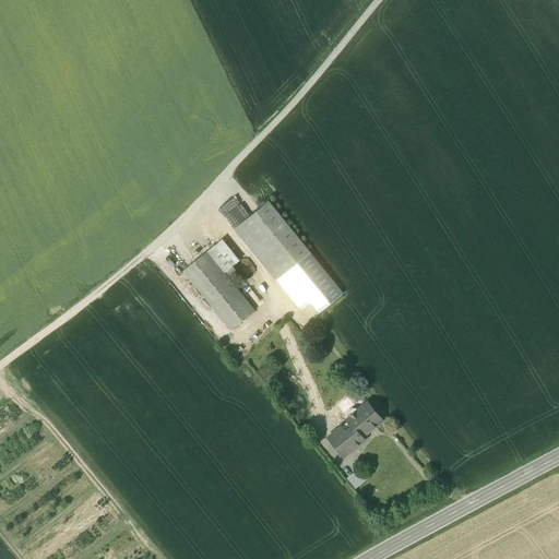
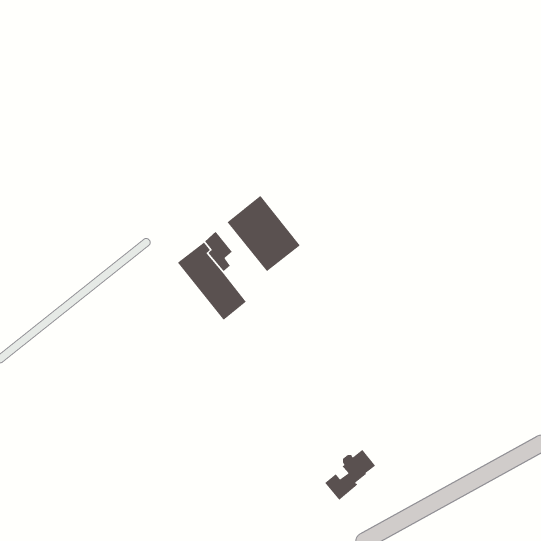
building: [275,253,343,314] -> none
building: [329,403,382,456] -> [324,449,376,501]

